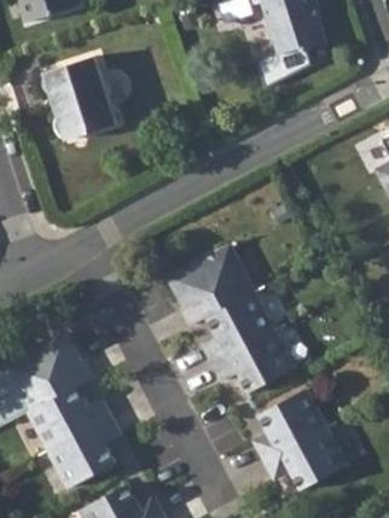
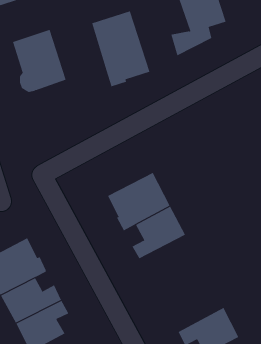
building: none -> [92,10,150,87]
building: [213,330,295,392] -> none
building: [255,390,326,459] -> none

